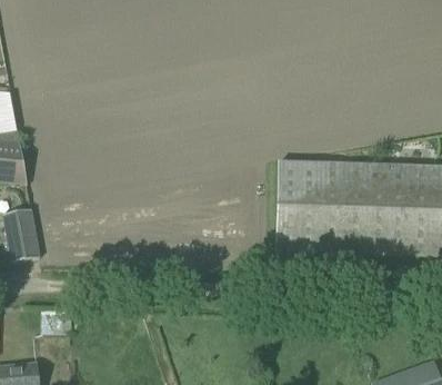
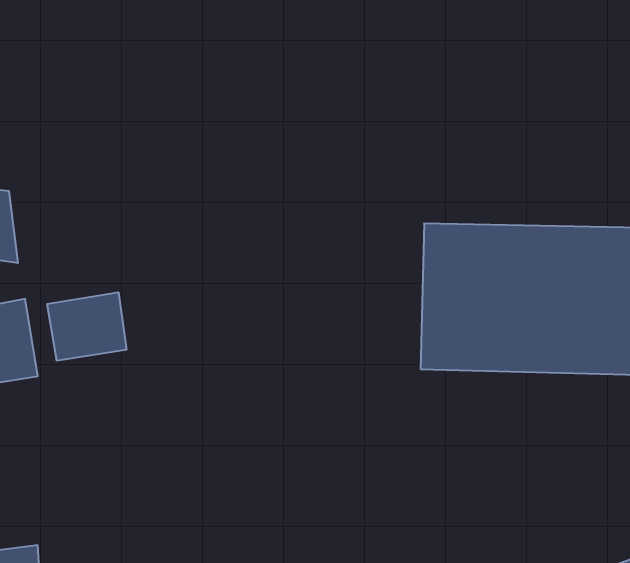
building: none -> [47,292,126,361]

